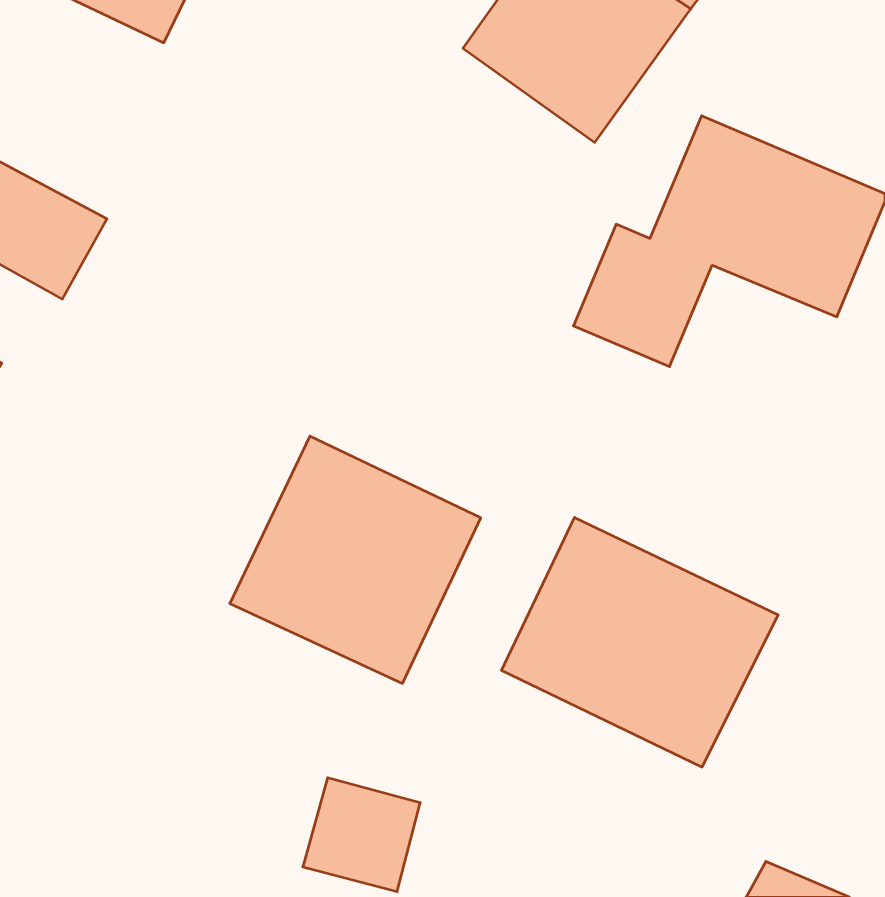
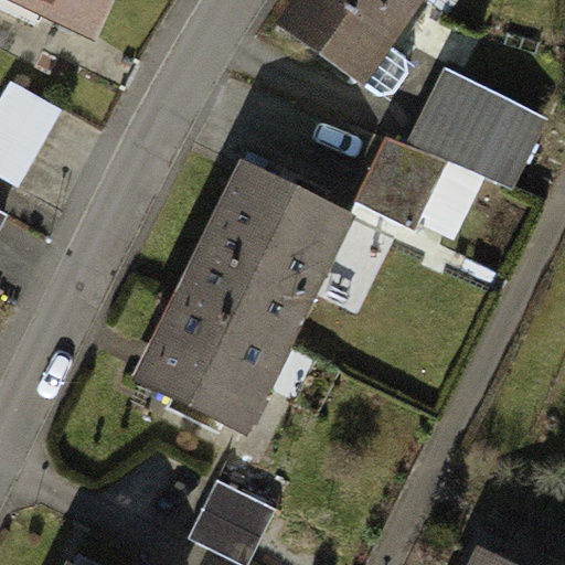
building: none -> [192,168,347,321]
building: [501,517,778,767] -> none

